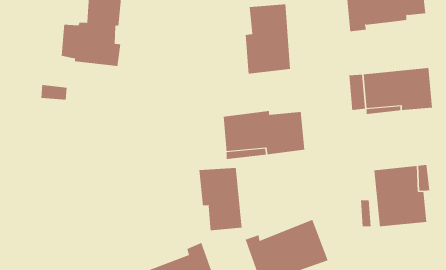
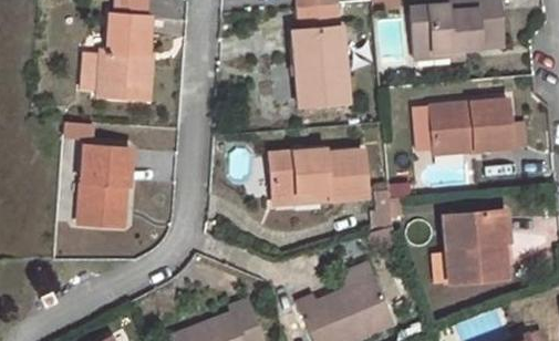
building: none -> [74,145,125,226]
building: [199,167,242,231] -> none

